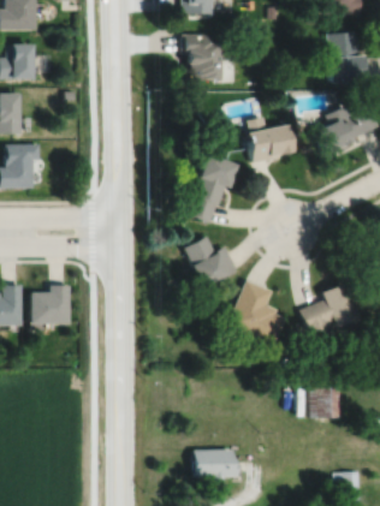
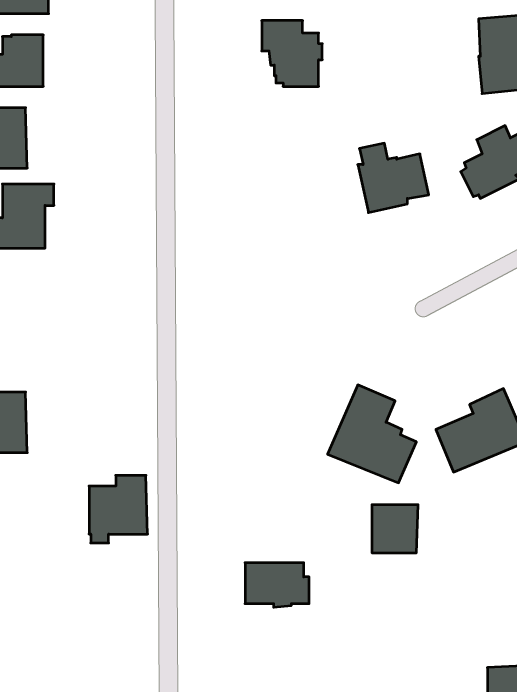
building: [186,154,239,224] -> none
building: [185,236,239,288] -> none
building: [32,285,72,331] -> [89,475,148,543]
building: [309,383,340,416] -> [372,505,418,553]
building: [195,451,238,481] -> [245,563,309,607]

